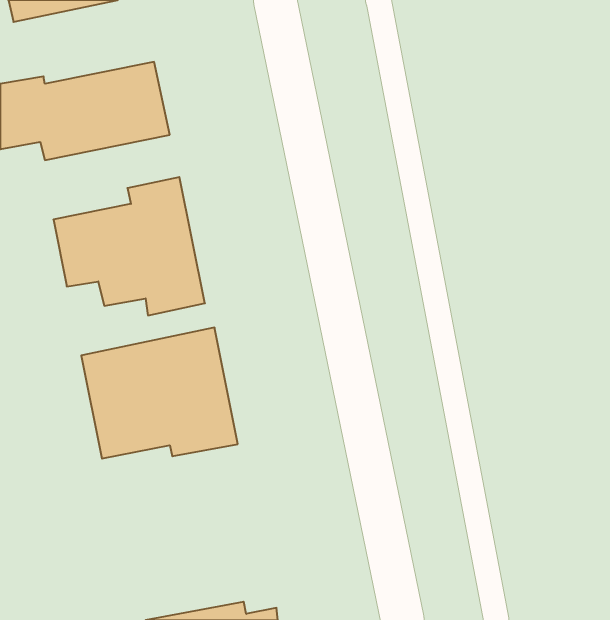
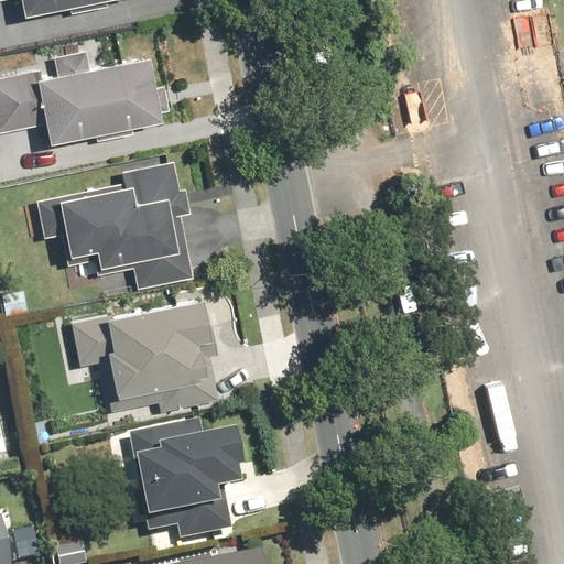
building: none -> [120,420,243,541]

